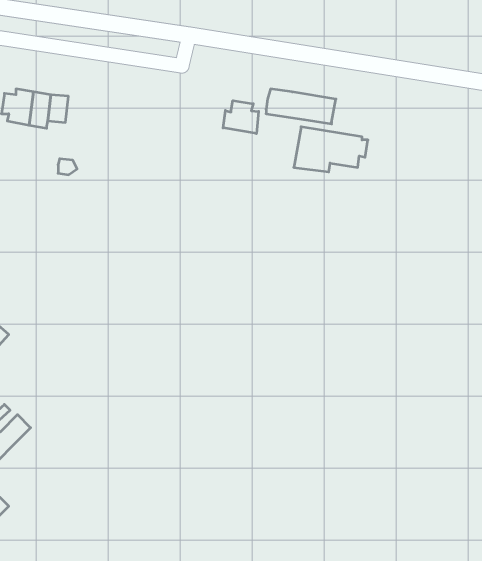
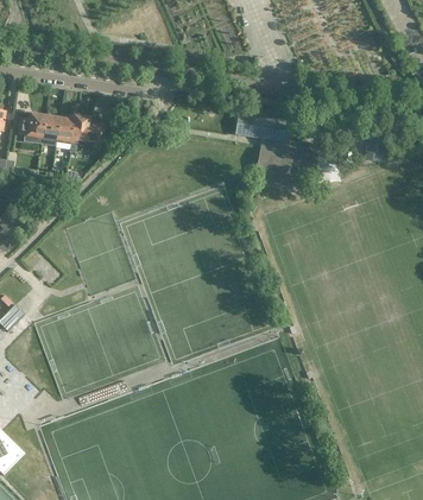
building: none -> [69,115,105,151]
building: [223,101,259,134] -> none

